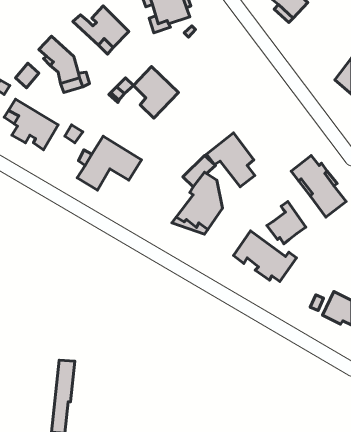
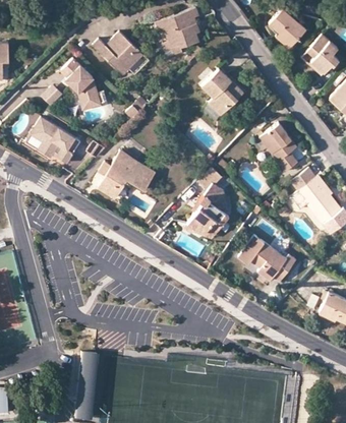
building: none -> [306,34,338,76]
building: [133,66,178,118] -> [203,69,243,116]
building: [207,133,255,187] -> [254,122,298,171]
building: [267,202,306,244] -> none

